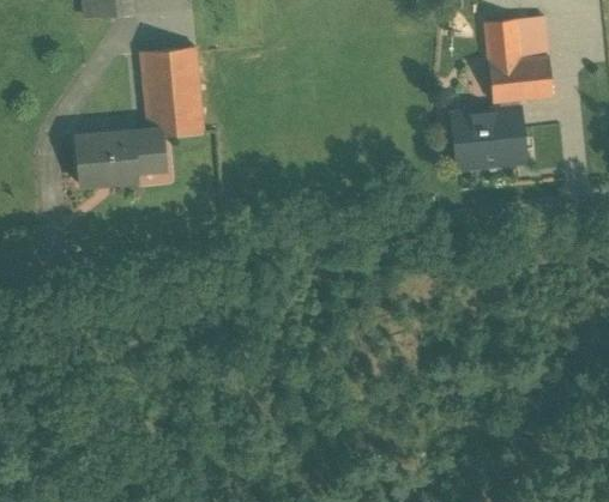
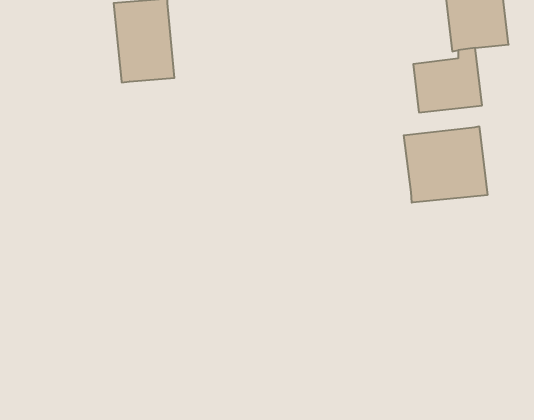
building: [74,132,159,187] -> none
building: none -> [404,126,487,203]

